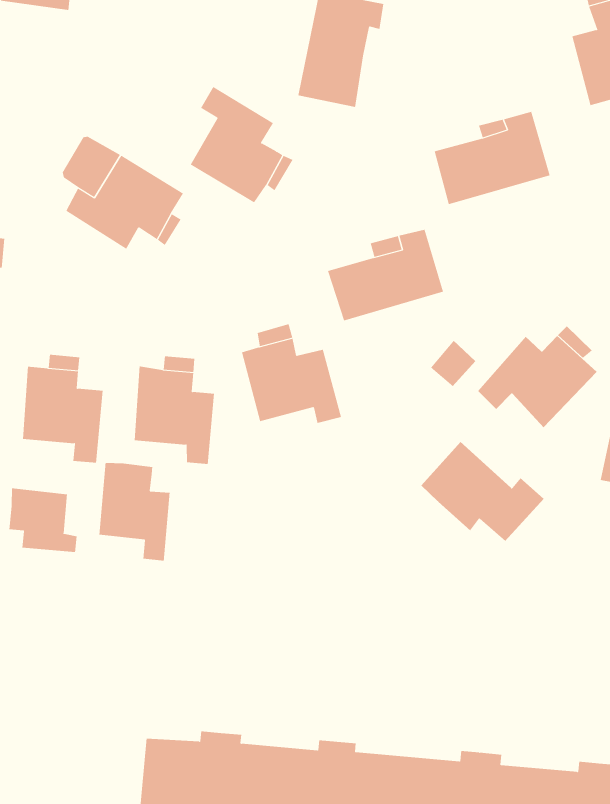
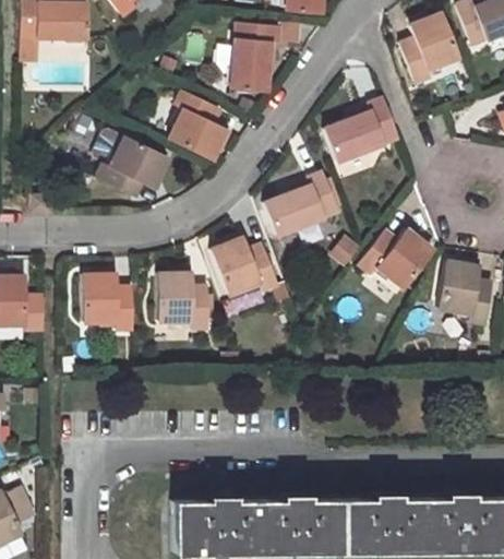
building: [421,441,545,542] -> none
building: [99,462,170,562] -> none
building: [9,487,77,553] -> none

